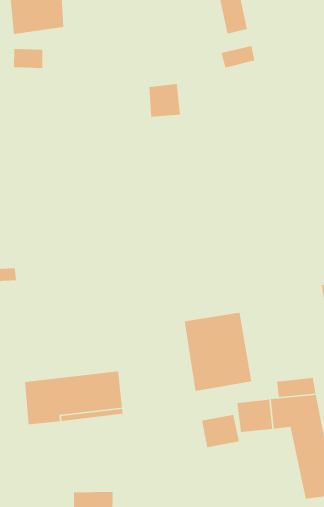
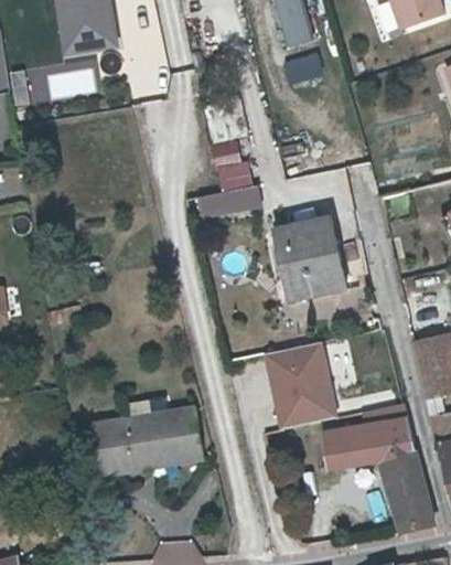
building: none -> [194,139,254,218]
building: none -> [286,221,346,299]
building: [201,414,240,448] -> none

